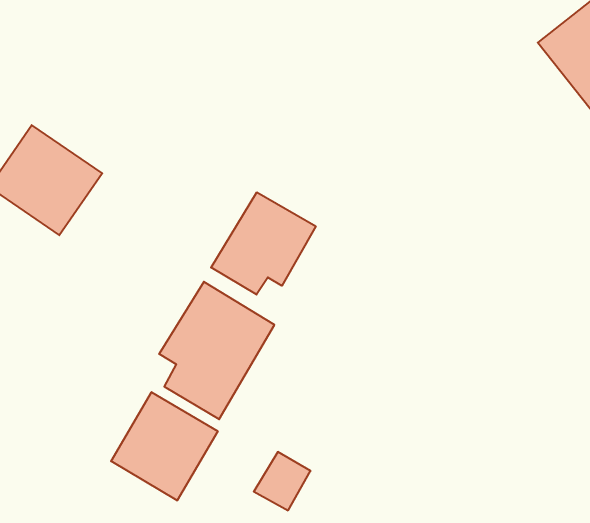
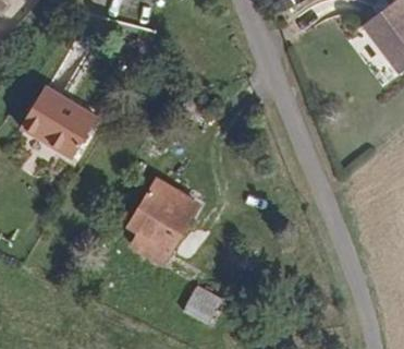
building: [211,192,316,295] -> none
building: [111,392,218,501] -> none

